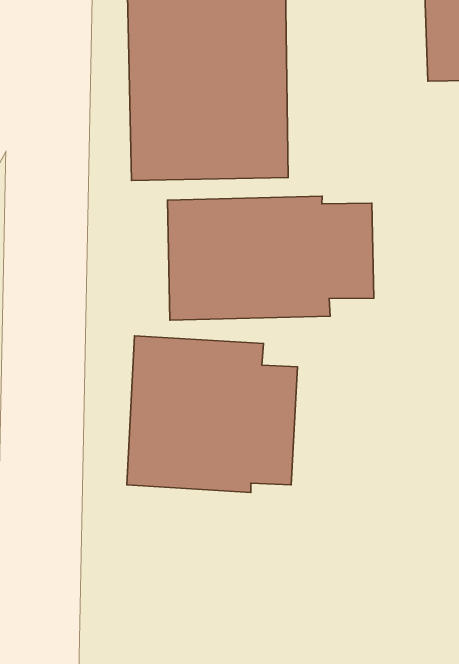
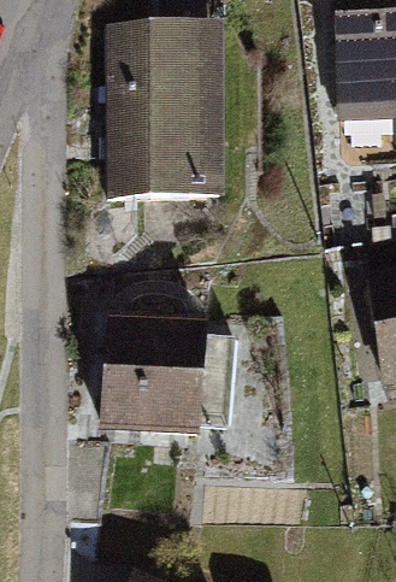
building: [167,196,374,320] -> none

